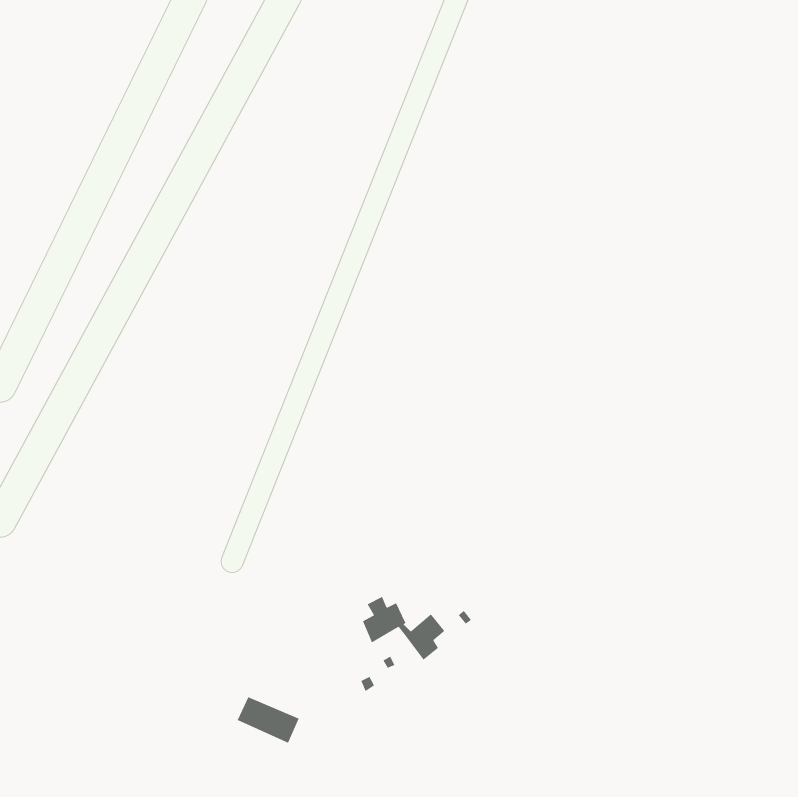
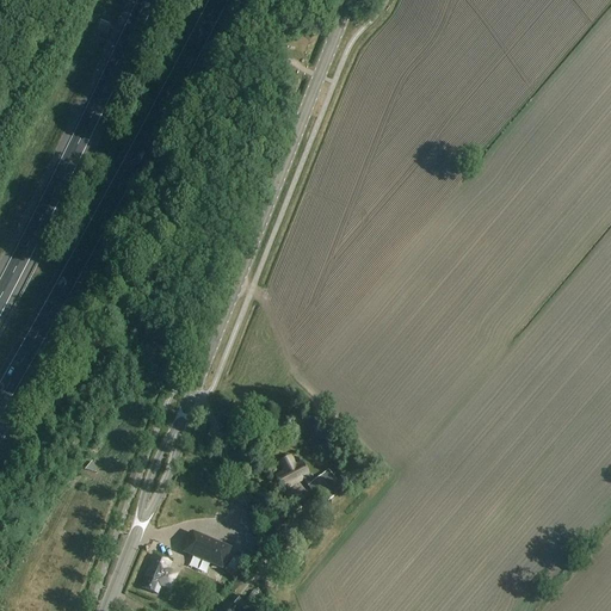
building: none -> [144,553,173,591]

